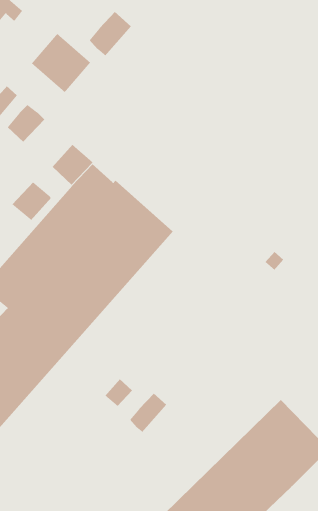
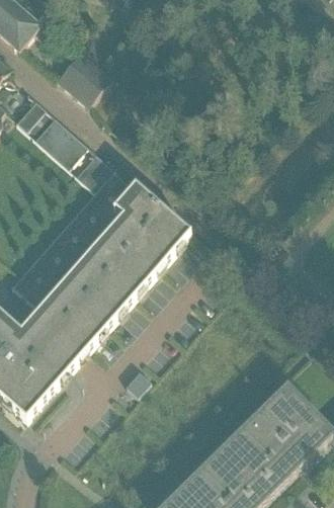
building: [89,11,132,56] -> none
building: [11,181,52,221] -> [48,128,85,164]
building: [129,393,167,433] -> none

